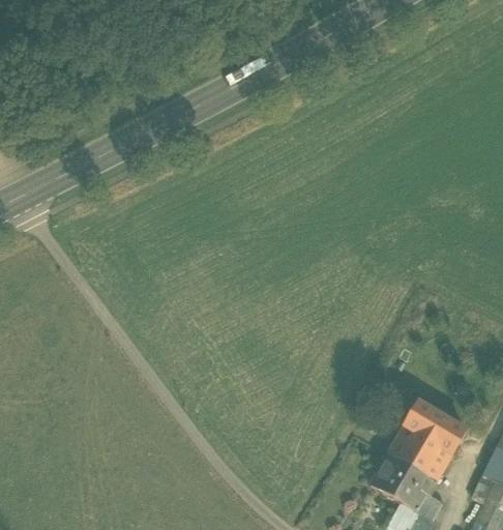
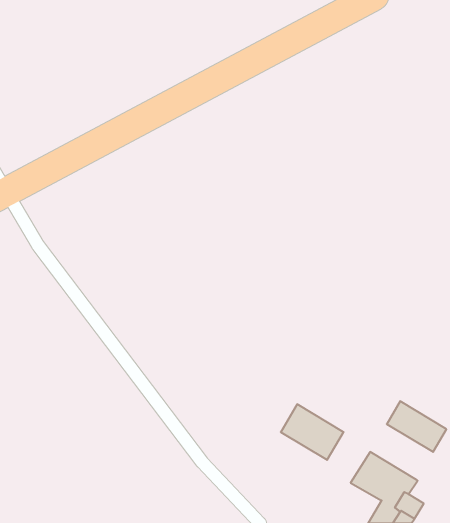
building: [389,425,452,481] -> [281,404,344,460]

